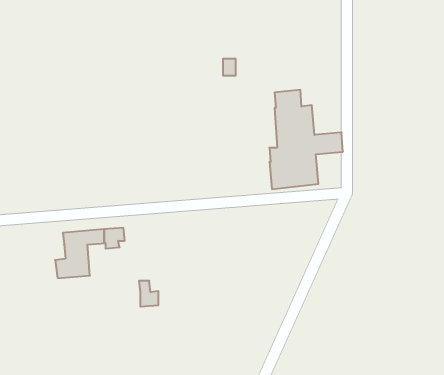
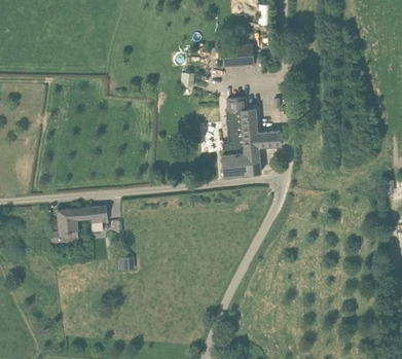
building: none -> [222,44,253,66]

